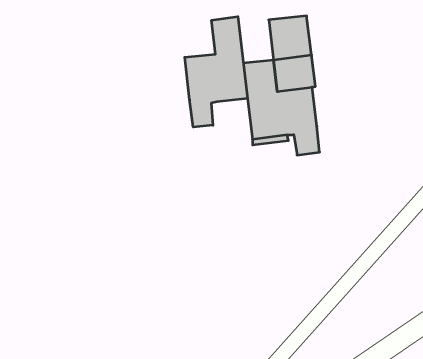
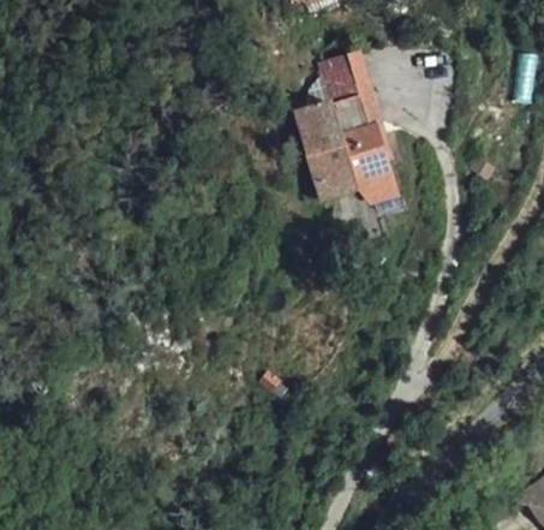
building: [185,17,247,127] -> none

